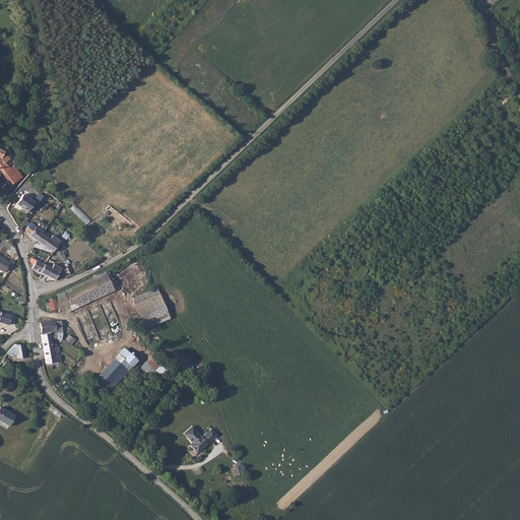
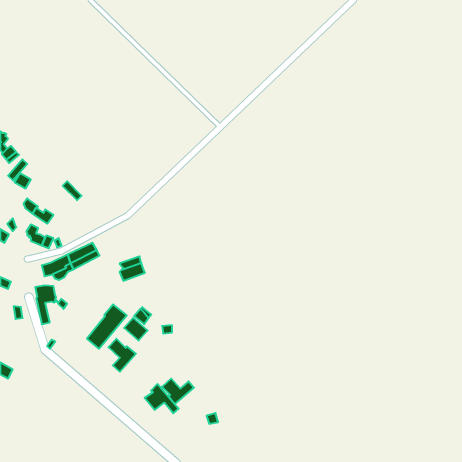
building: none -> [108,339,136,372]
building: none -> [145,384,179,413]

